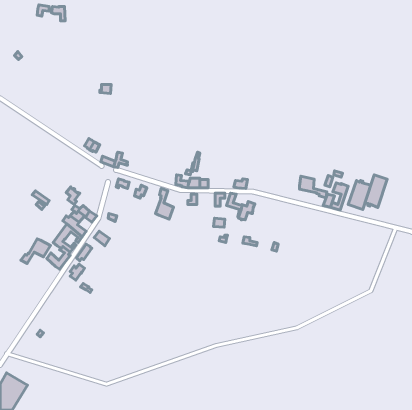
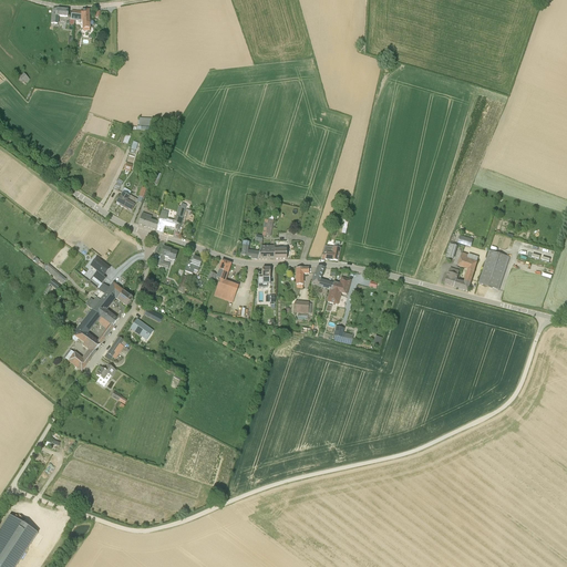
building: [365,175,387,207] -> none
building: [299,176,327,198] -> none
building: [21,239,51,264] -> none

